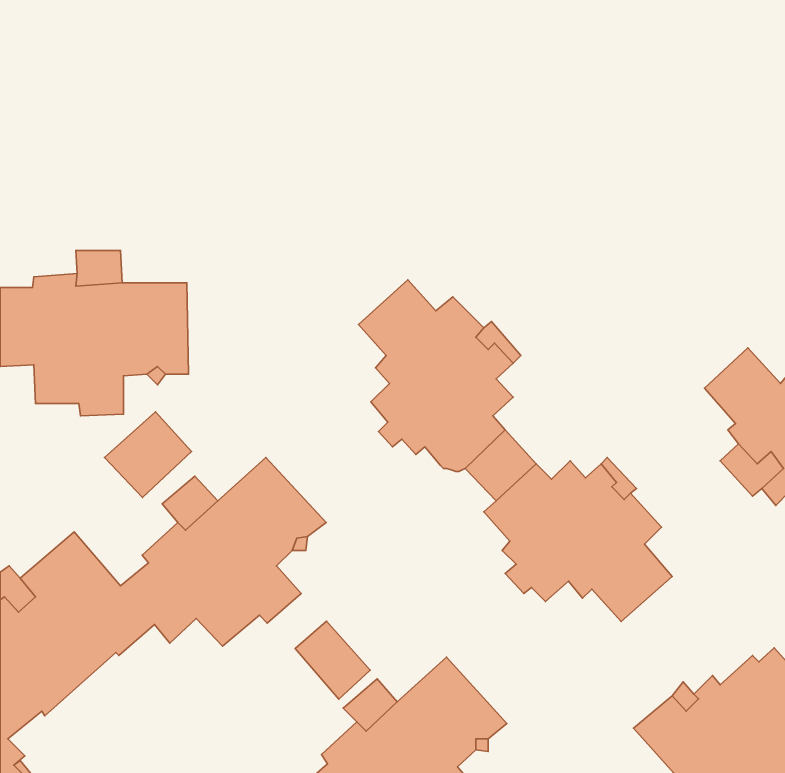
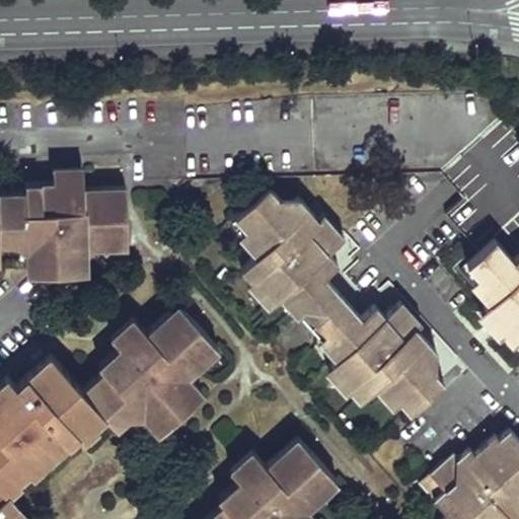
building: [104,412,191,497] -> none
building: [295,621,370,699] -> none

